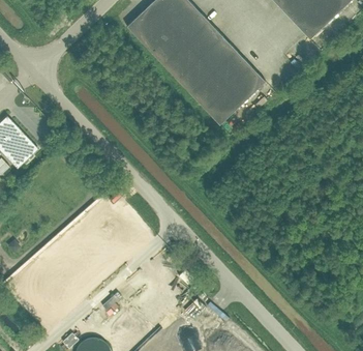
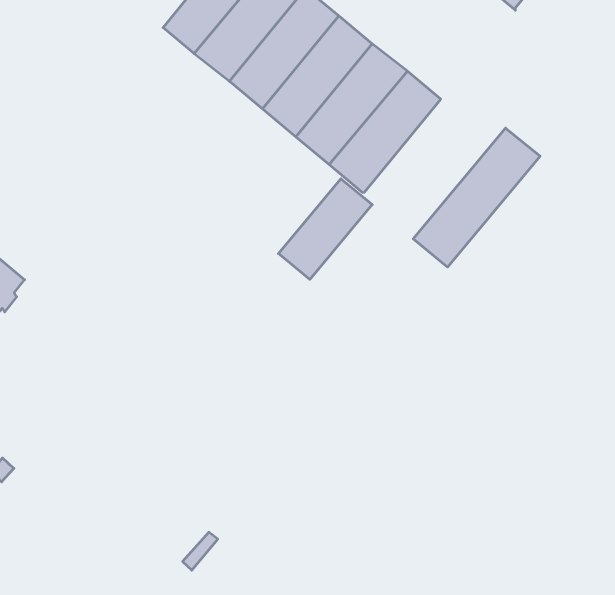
building: none -> [413,128,540,267]
building: none -> [278,179,372,279]

